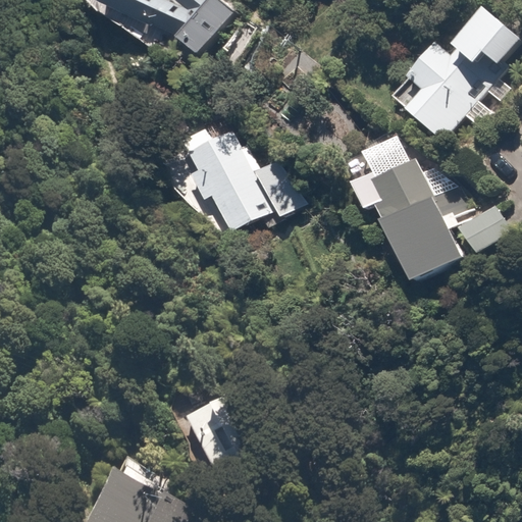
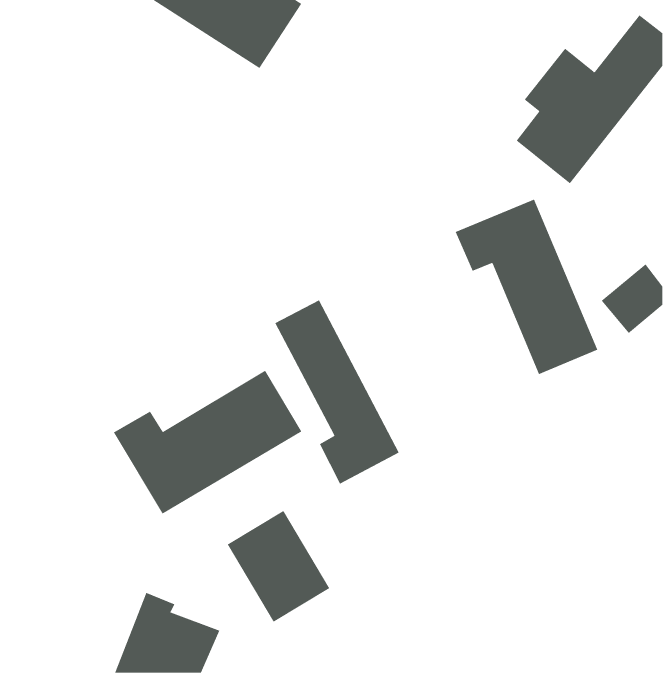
building: [178,113,308,233] -> none
building: none -> [274,299,399,484]
building: none -> [113,370,302,515]

